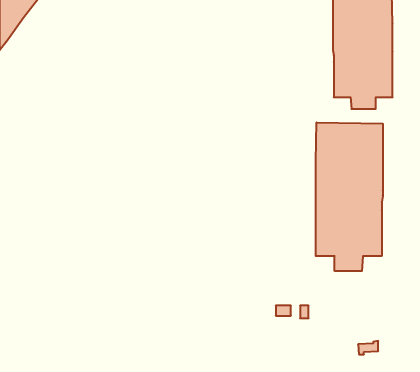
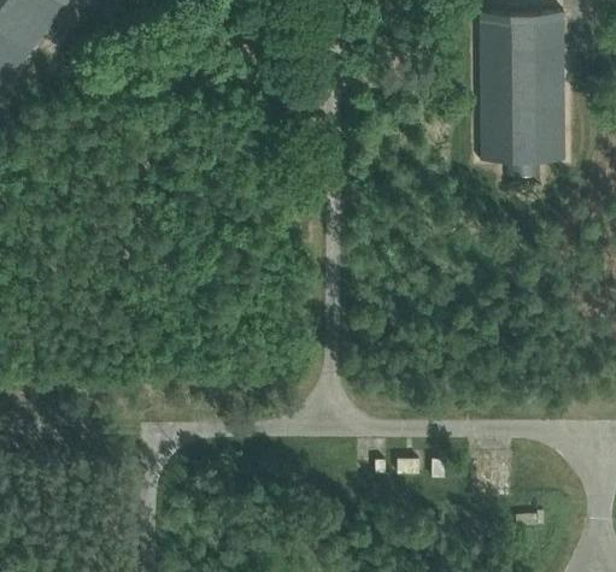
building: [316,122,383,271] -> none

